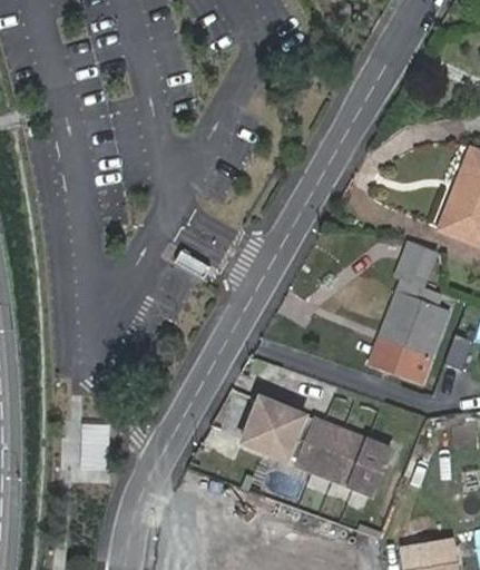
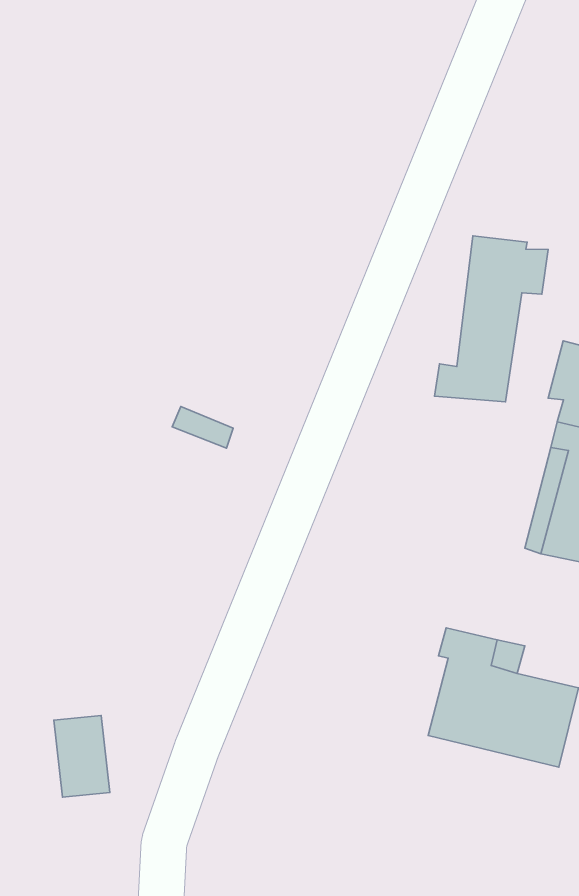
building: none -> [435,236,548,402]
building: [237,399,300,458] -> none

